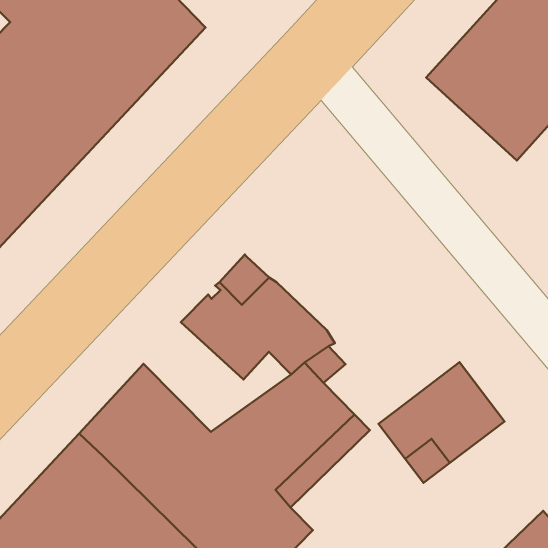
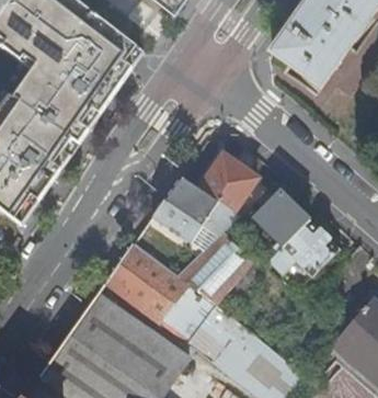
building: none -> [201,152,256,209]
building: none -> [252,189,309,249]

